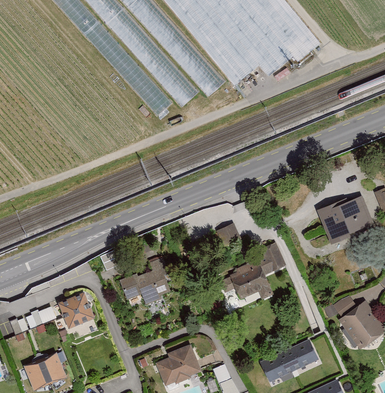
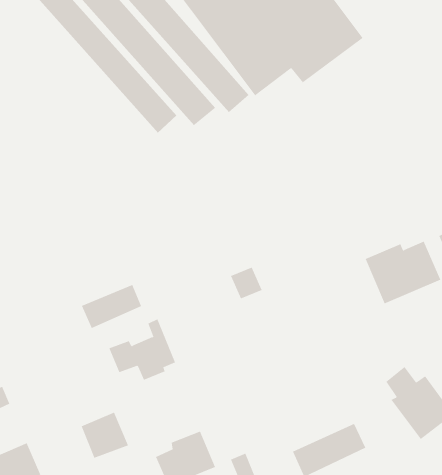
building: none -> [81,284,142,329]
building: [218,243,286,300] -> none
building: [58,293,95,329] -> [81,412,129,458]

